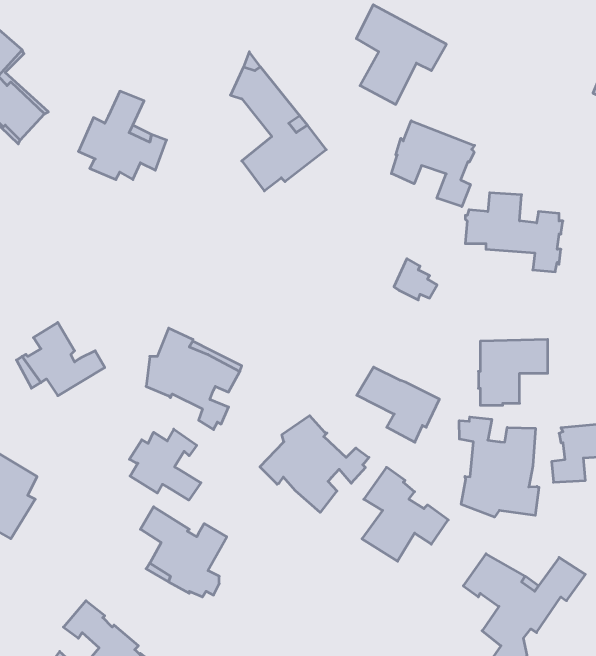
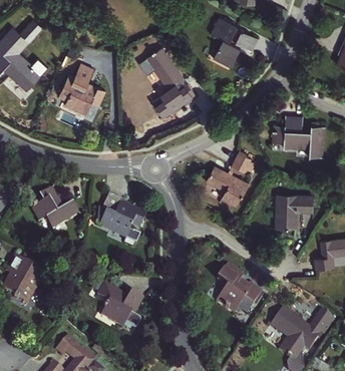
building: [391,121,475,207] -> none
building: [357,367,439,442] -> [205,166,249,207]
building: [260,416,369,512] -> none
building: [459,417,539,517] -> none
building: [129,429,201,500] -> none

